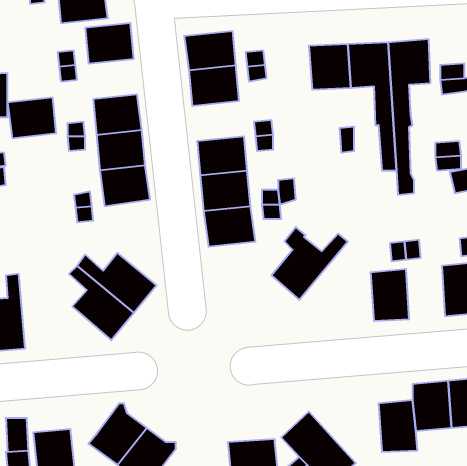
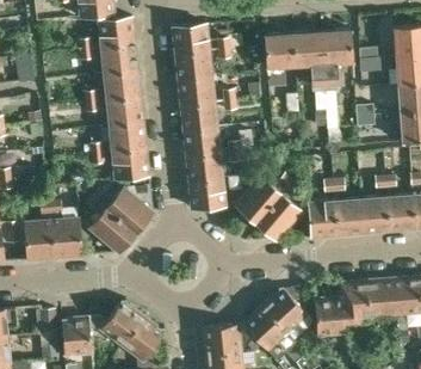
building: [7,98,56,138] -> [101,44,137,74]
building: none -> [178,75,216,105]
building: none -> [113,148,149,178]
building: none -> [190,179,227,208]
building: none -> [256,179,302,239]
building: none -> [335,197,364,236]
building: none -> [50,203,81,258]
building: none -> [264,288,308,331]

